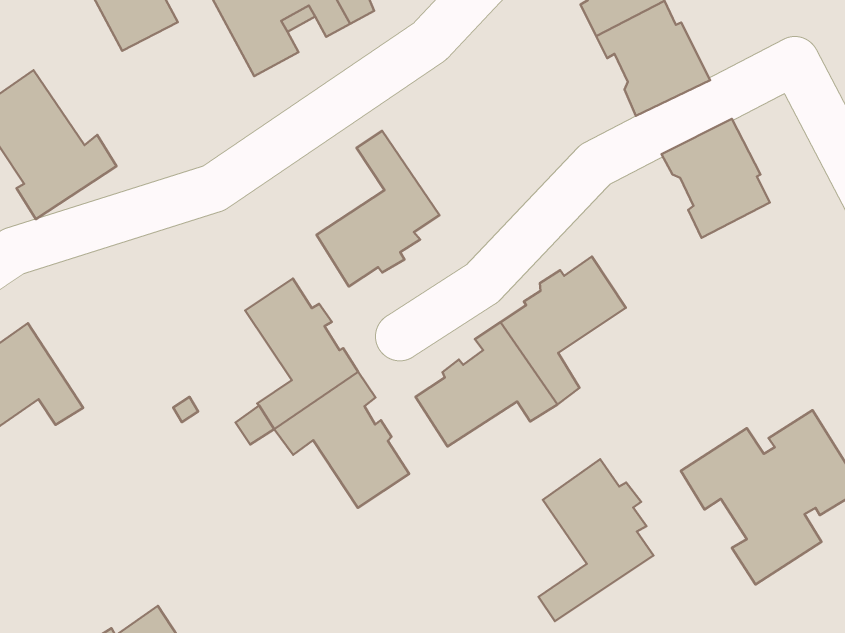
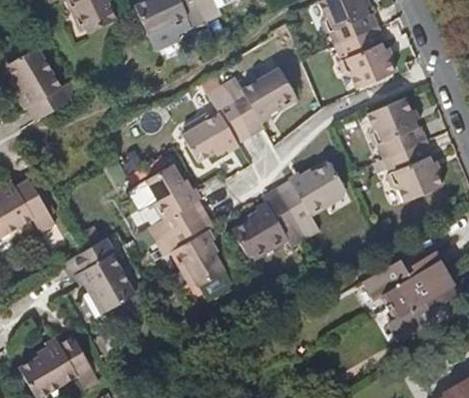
building: none -> [220,73,295,135]
building: none -> [369,140,442,201]
building: none -> [62,236,135,308]
building: [538,459,653,621] -> none

